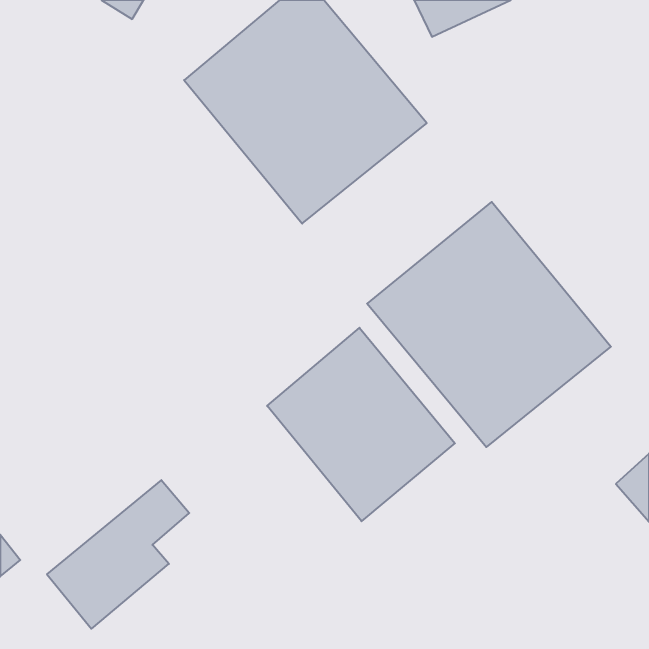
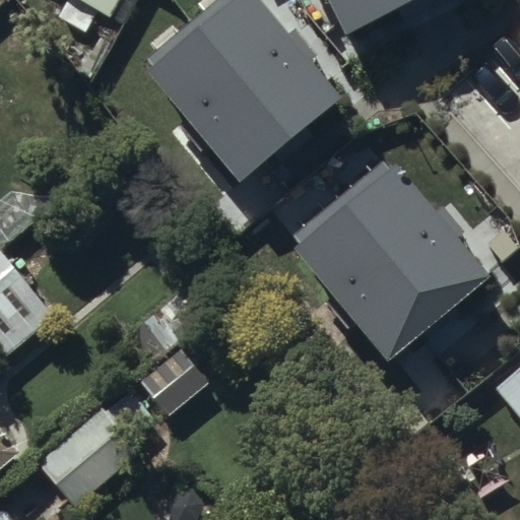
building: [267,328,455,521] -> none

